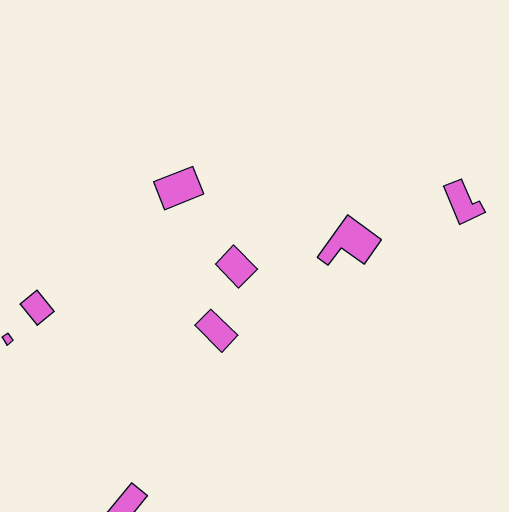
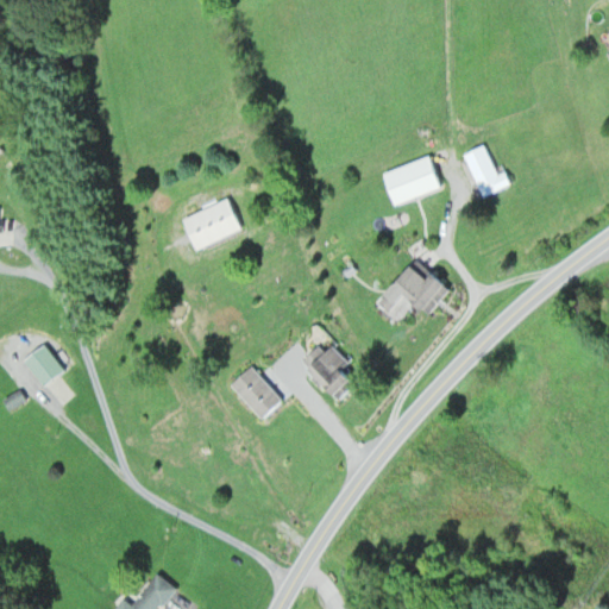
building: none -> [381,155,441,206]
building: [443,179,486,224] -> [462,145,511,199]
building: [215,245,258,288] -> [309,346,359,397]

